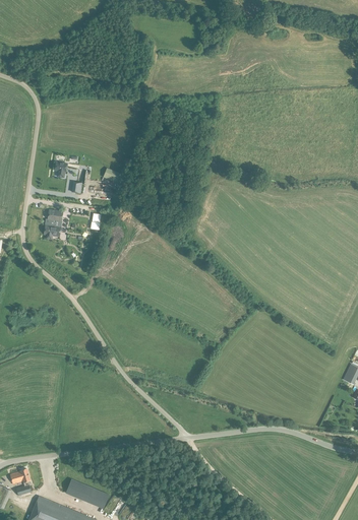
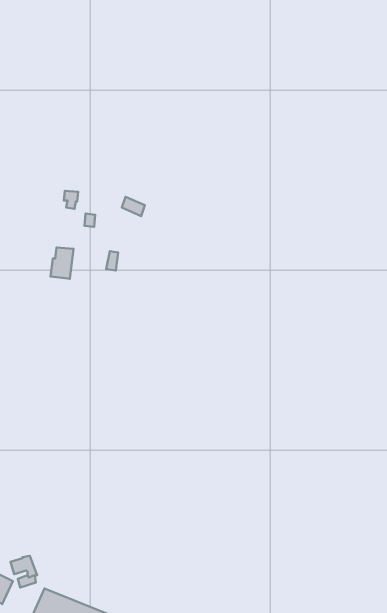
building: [63,478,103,508] -> none

